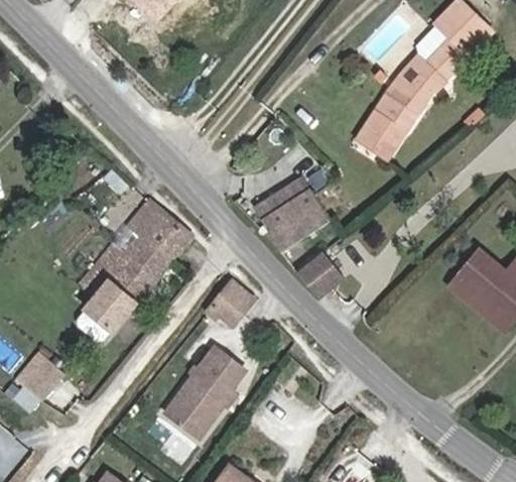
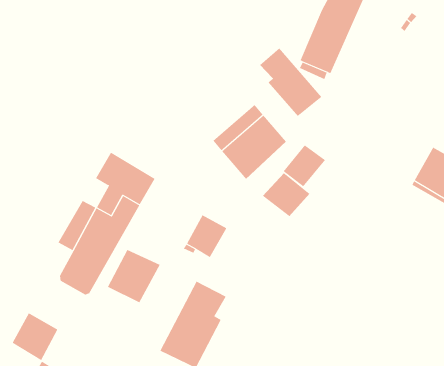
building: none -> [259,48,322,117]
building: none -> [283,145,326,187]
building: none -> [107,249,161,303]

